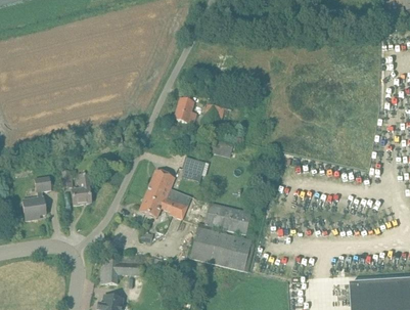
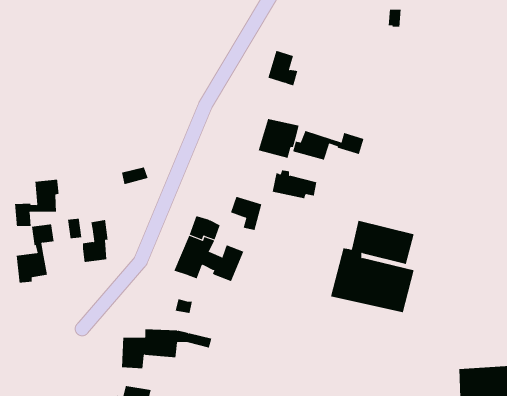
building: [174,97,196,124] -> [268,50,298,86]
building: none -> [293,130,364,161]
building: none -> [15,179,59,227]
building: [189,202,252,270] -> [330,220,415,313]

